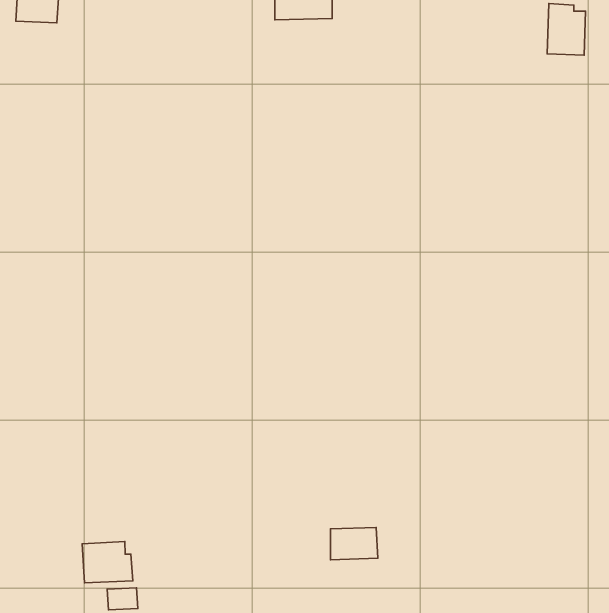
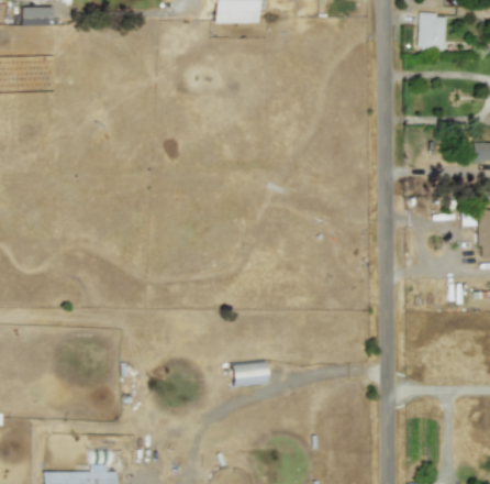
building: [331,527,378,560] -> [233,361,268,385]
building: [82,542,133,583] -> none

